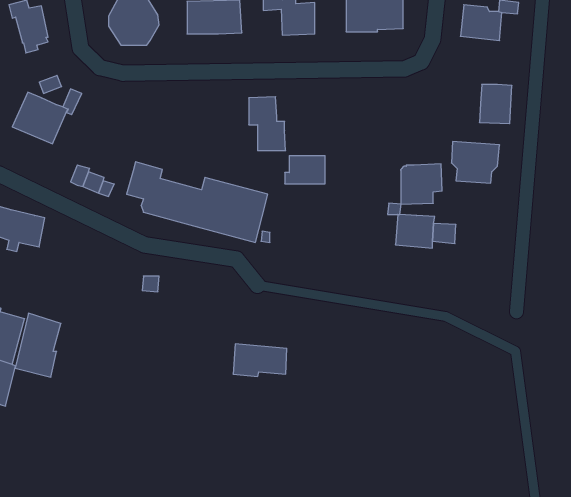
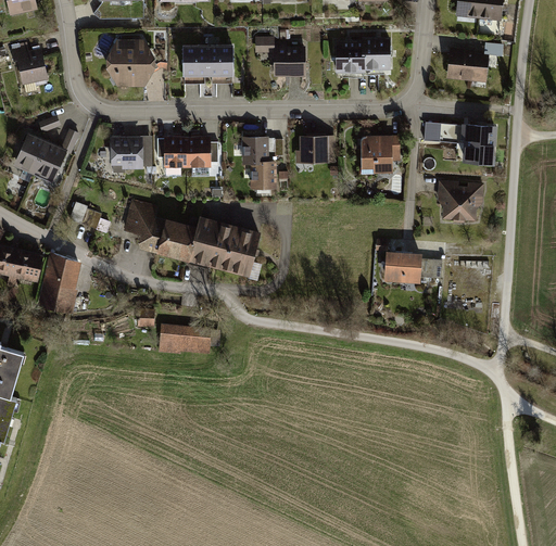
building: none -> [425,122,467,143]
building: none -> [109,136,152,174]
building: none -> [163,137,210,168]
building: [285,156,325,184] -> [295,136,334,163]
building: [401,164,442,204] -> [361,135,401,174]
building: [15,313,61,377] -> [37,252,81,314]
building: [233,344,287,376] -> [159,323,211,355]

